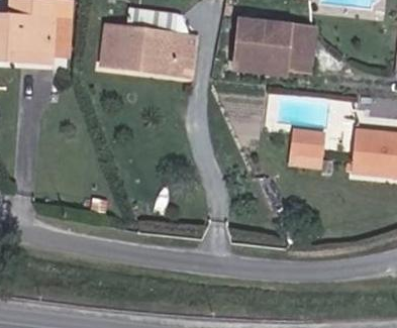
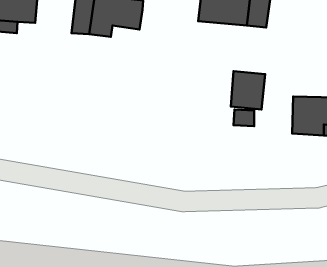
building: [151,43,202,78] -> none

